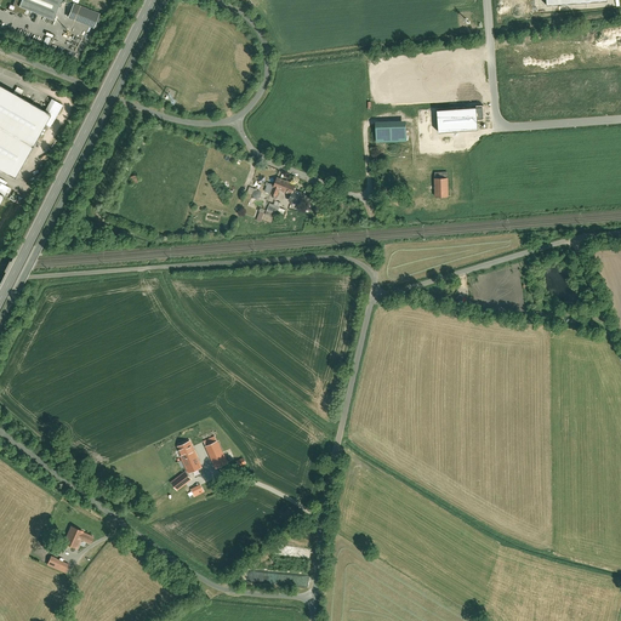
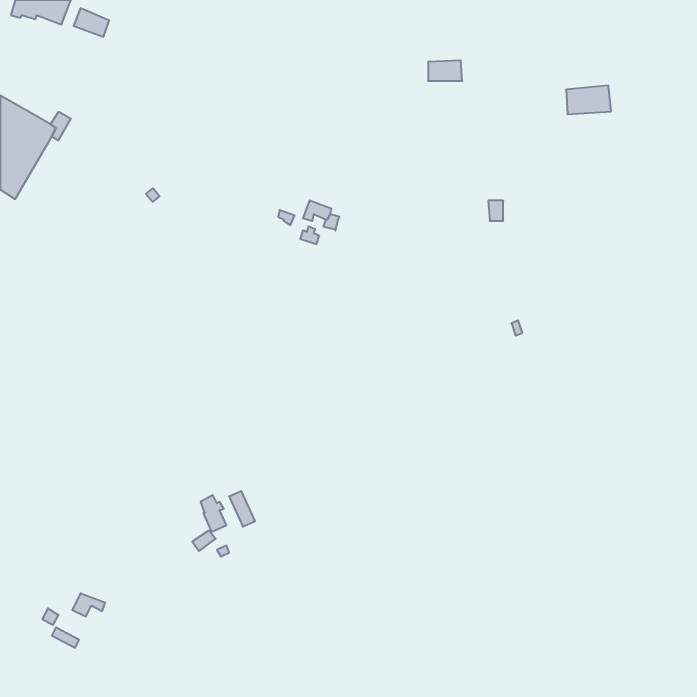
building: [438,107,478,132] -> [566,86,611,114]
building: [376,123,406,141] -> [428,60,462,81]

